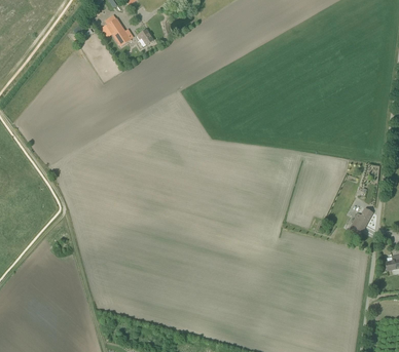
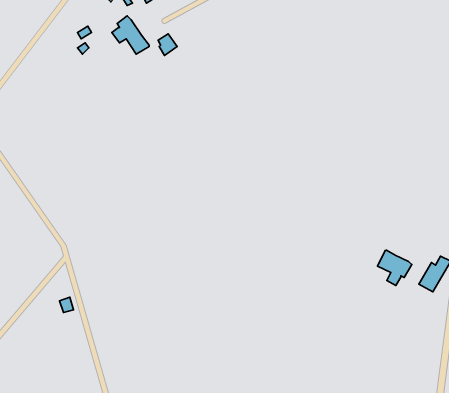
building: none -> [378,250,412,286]

